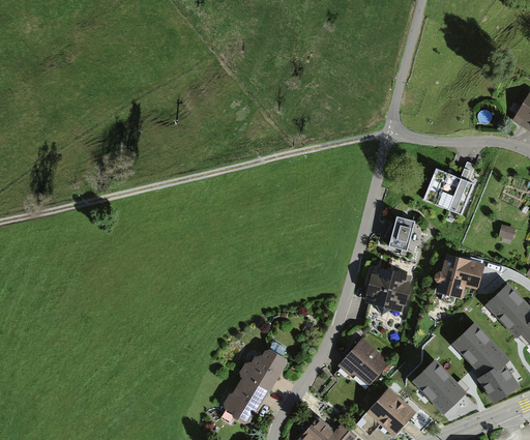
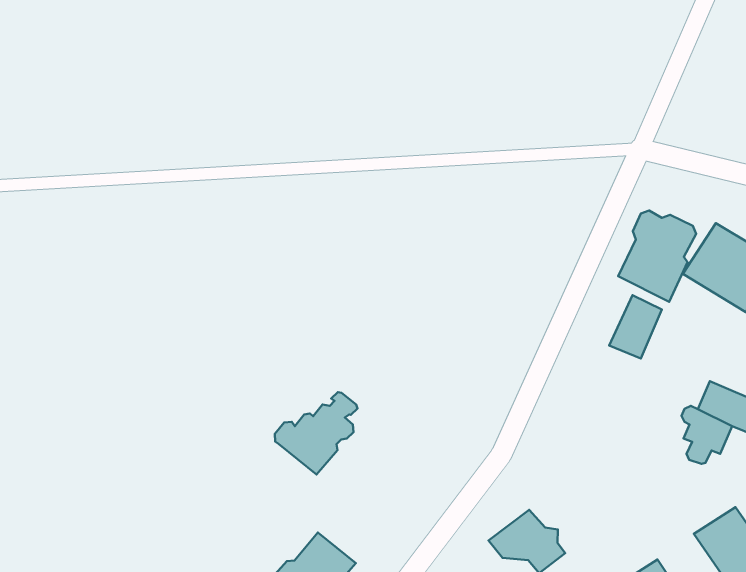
building: none -> [618,211,696,302]
building: [369,270,407,309] -> none
building: [241,343,285,390] -> [275,392,358,475]

